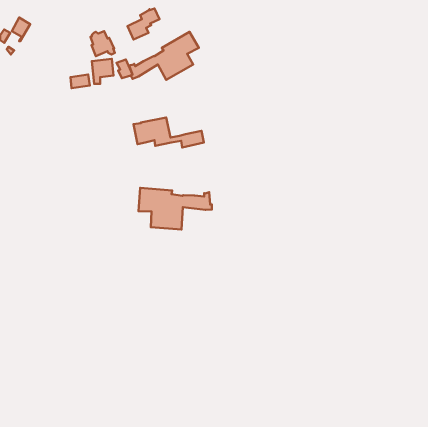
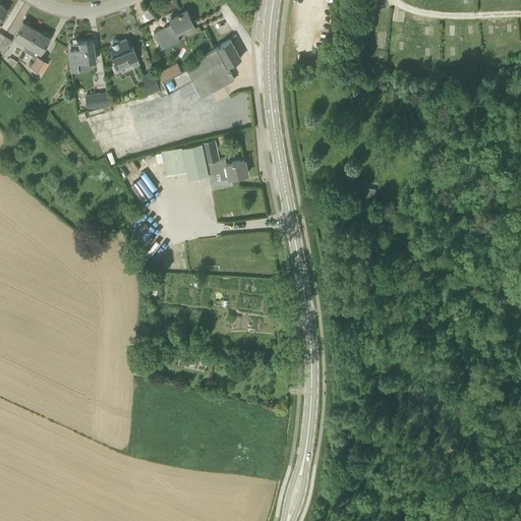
building: none -> [25,32,50,75]
building: [92,59,114,84] -> [69,43,96,73]
building: [138,188,212,229] -> none

